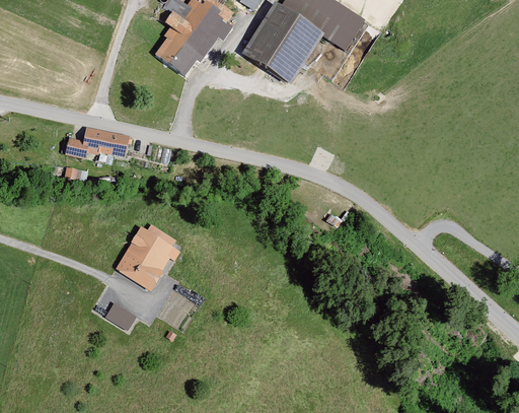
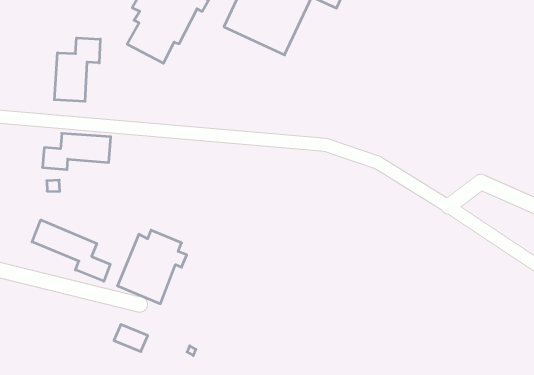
building: none -> [54,38,100,101]
building: none -> [32,220,110,281]

